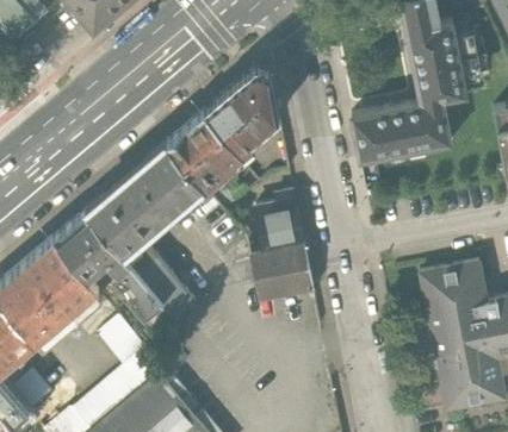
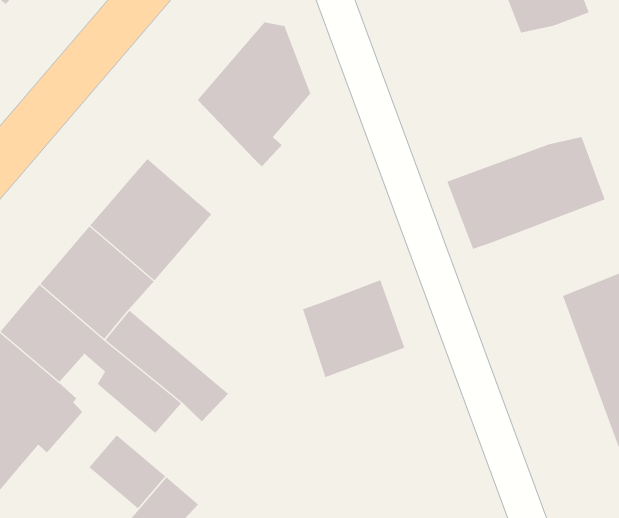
building: [352,101,452,162] -> [446,137,606,249]
building: [168,111,241,189] -> none
building: [256,194,305,253] -> none

